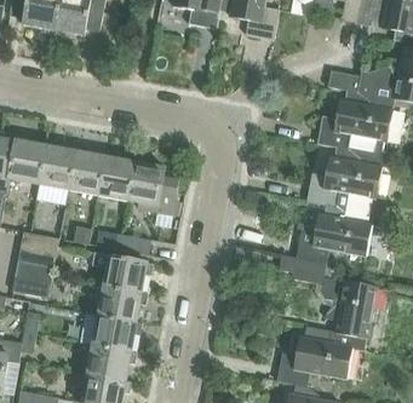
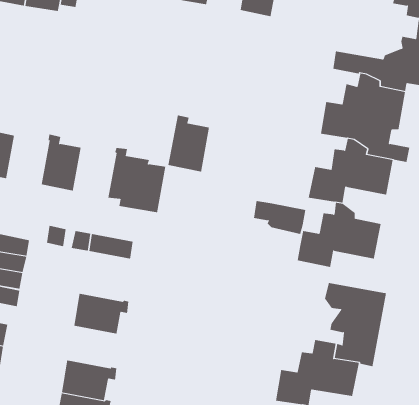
building: [38,139,75,189] -> none
building: [97,150,134,201] -> [168,115,210,172]
building: [279,254,326,284] -> [253,200,306,234]
building: [102,255,153,293] -> none
building: [91,315,142,352] -> none

